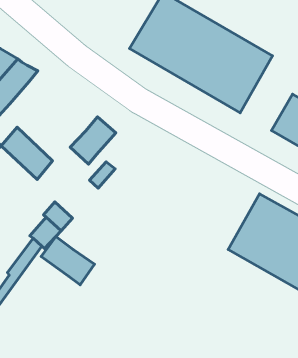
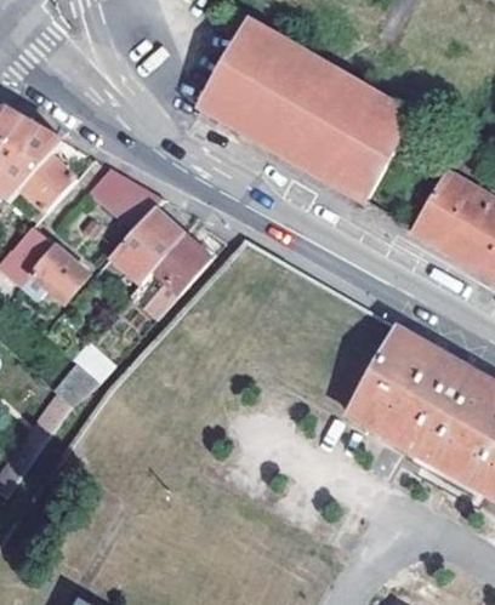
building: none -> [19,155,74,211]
building: none -> [85,167,160,230]
building: none -> [150,233,206,287]
building: [41,236,95,285] -> none

